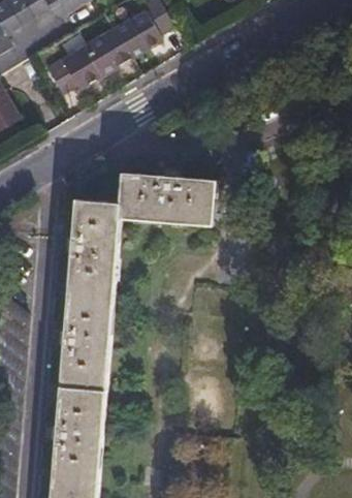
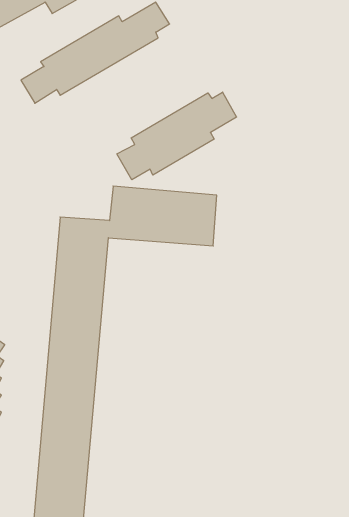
building: none -> [117,92,237,180]

